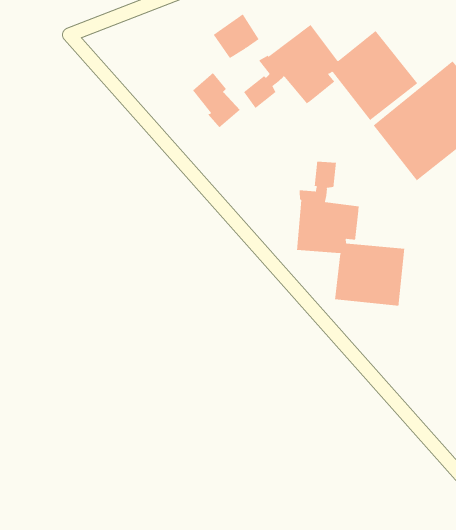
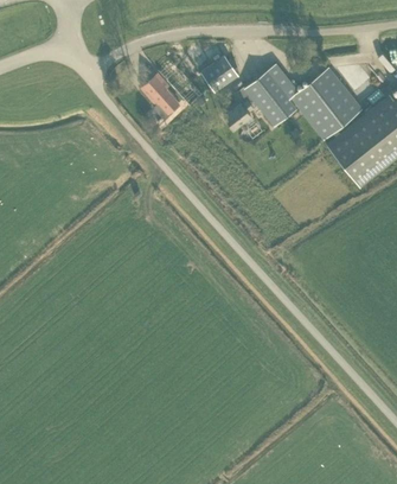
building: [192,72,240,128] -> [142,72,180,116]
building: [297,161,405,306] -> none

